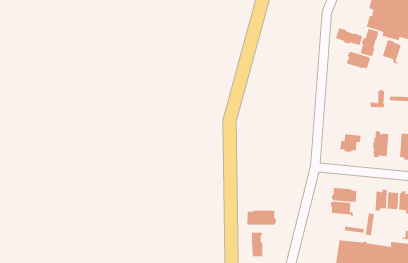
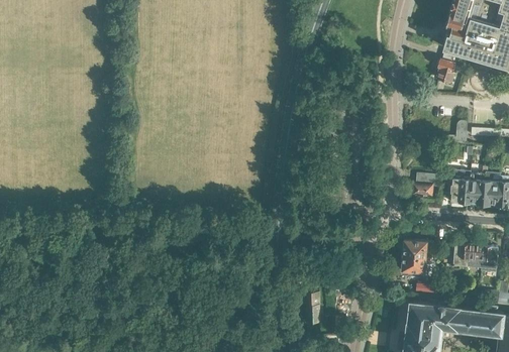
building: [335,27,363,46] -> none
building: [382,39,402,64] -> none
building: [346,51,371,69] -> none
building: none -> [469,177,486,208]
building: [247,210,277,226] -> none

